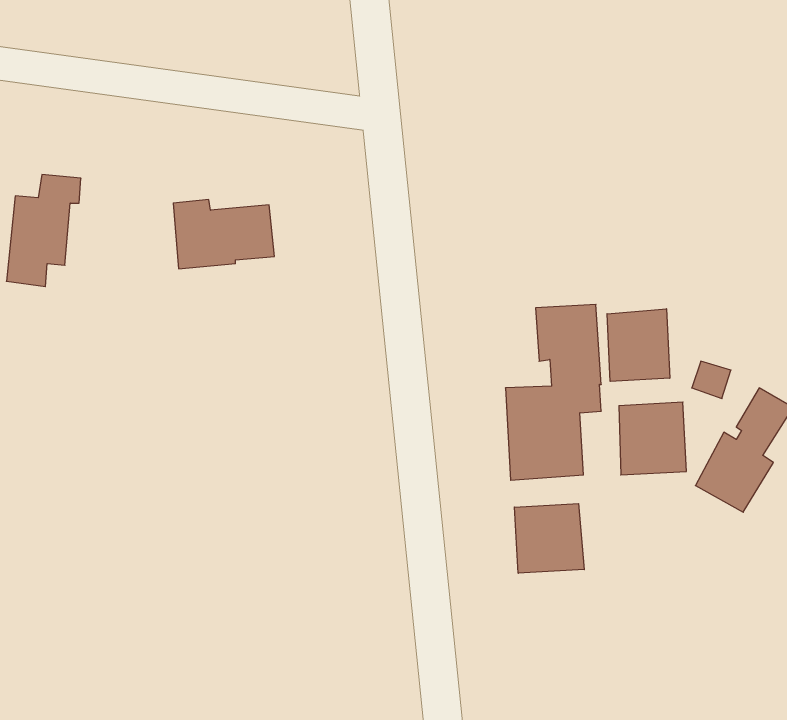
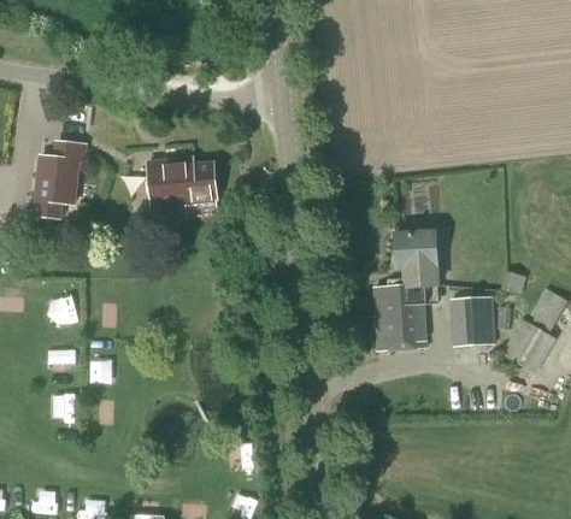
building: [607,309,670,381] -> none
building: [514,504,584,573] -> none

